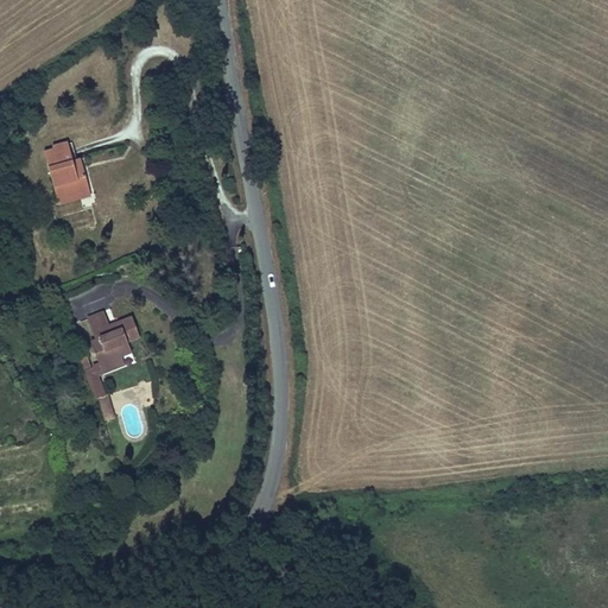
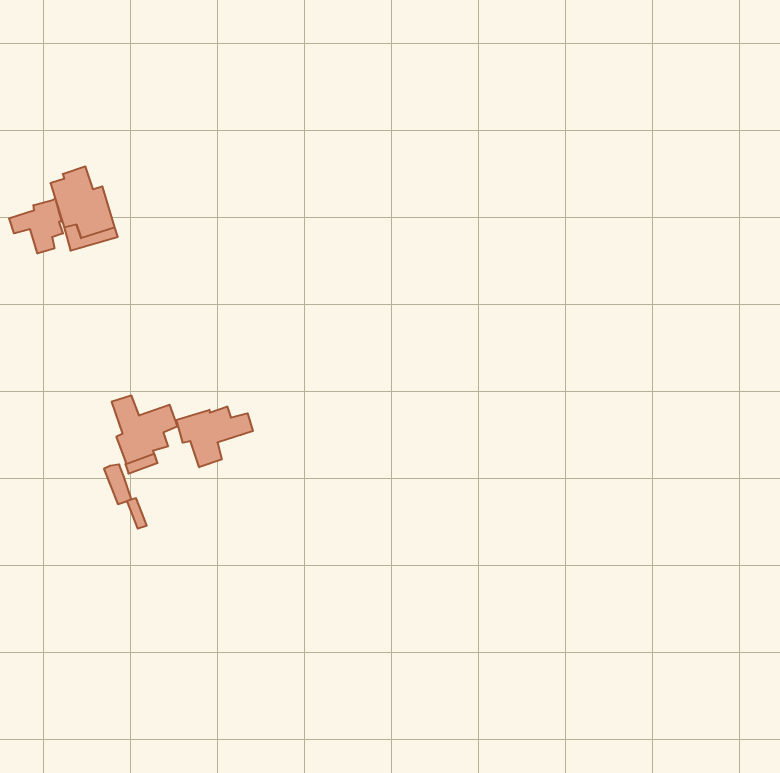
building: none -> [9,198,63,253]
building: none -> [175,406,253,467]

